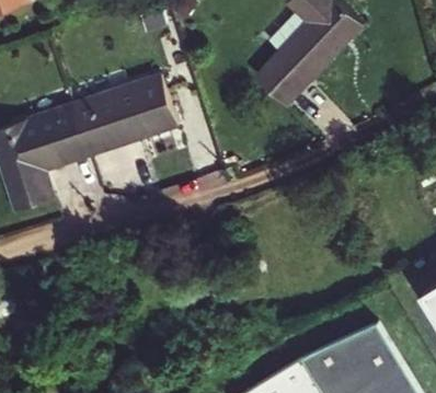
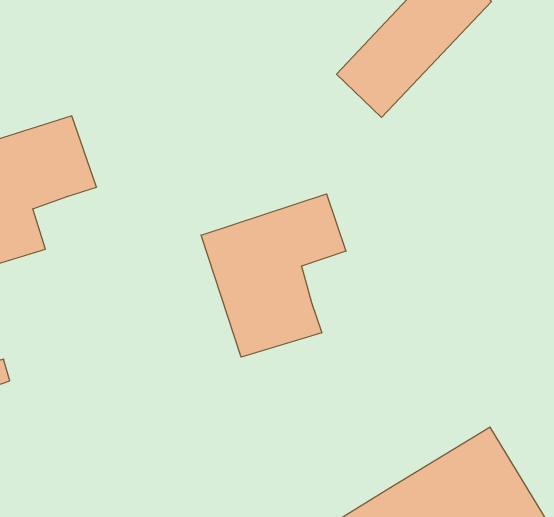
building: [71,72,177,152] -> none
building: none -> [201,194,346,357]

